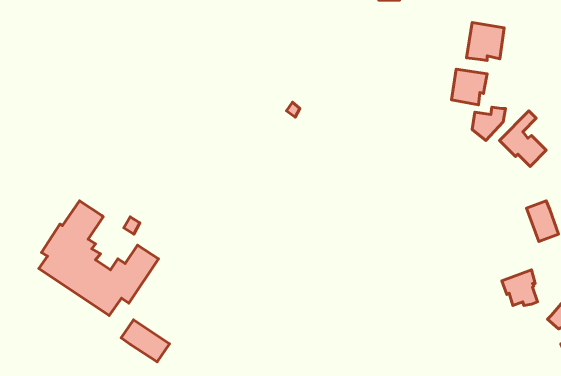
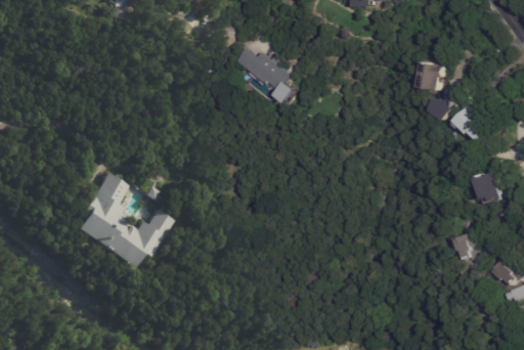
building: [466,23,504,60] -> none
building: none -> [235,48,294,90]
building: [121,320,169,362] -> none

